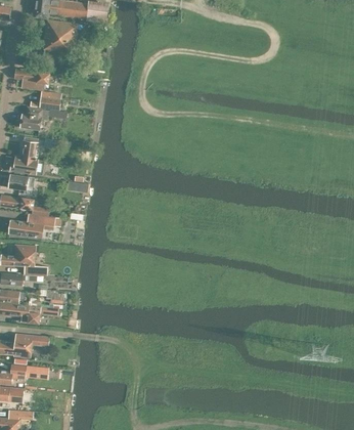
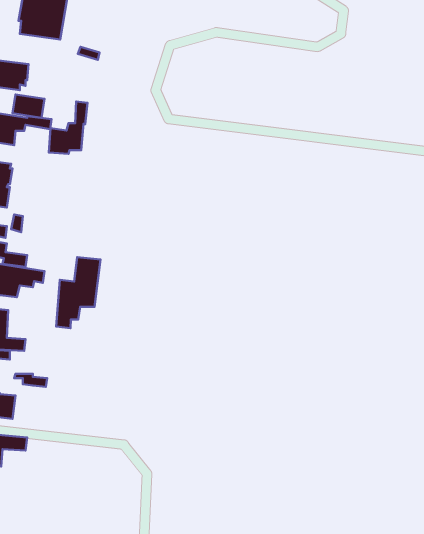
building: none -> [49,102,88,154]
building: none -> [56,257,100,328]

